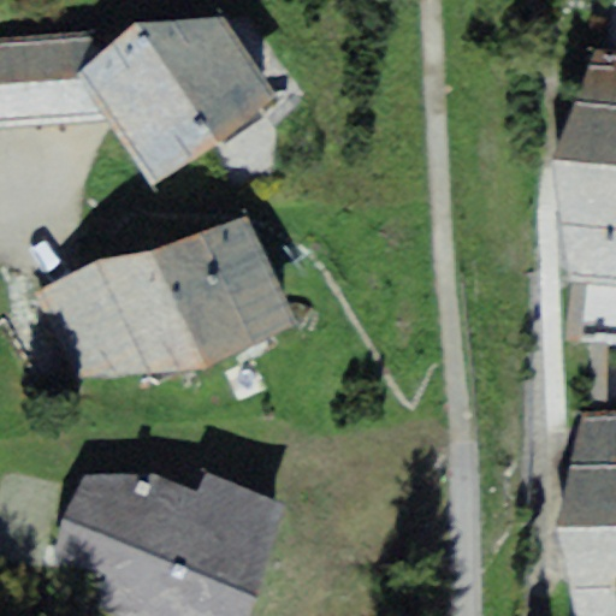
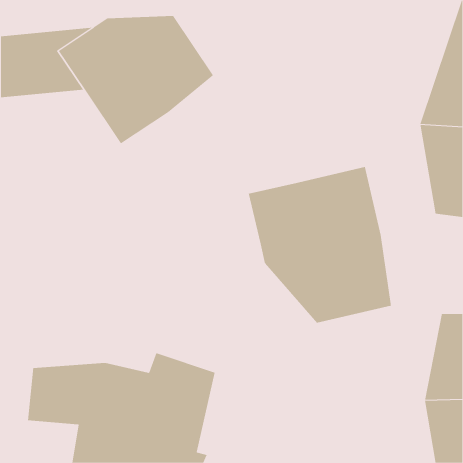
building: [18,215,284,374] -> none
building: none -> [248,166,391,323]

